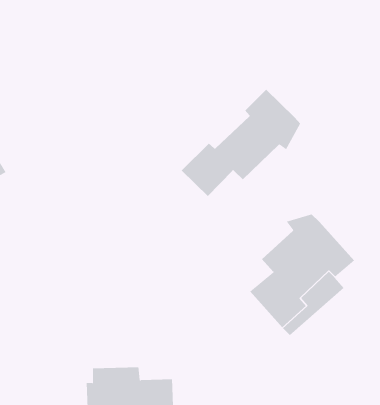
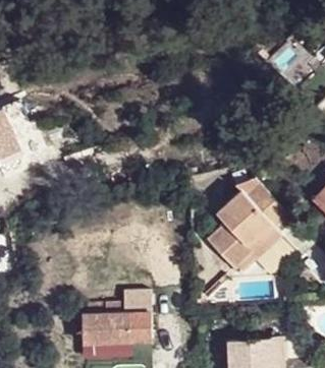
building: [181,89,301,197] -> none

